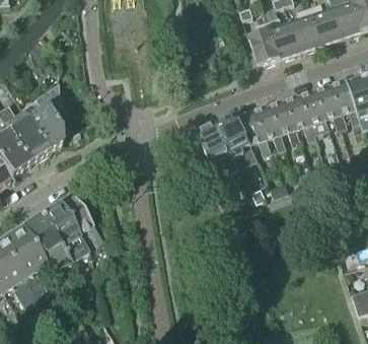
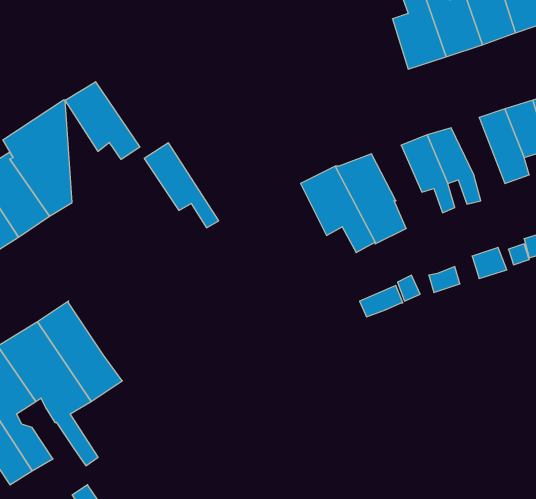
building: none -> [65,82,140,159]
building: [284,95,317,141] -> none
building: [237,112,272,156] -> none
building: [60,195,103,245] -> [144,143,219,228]

